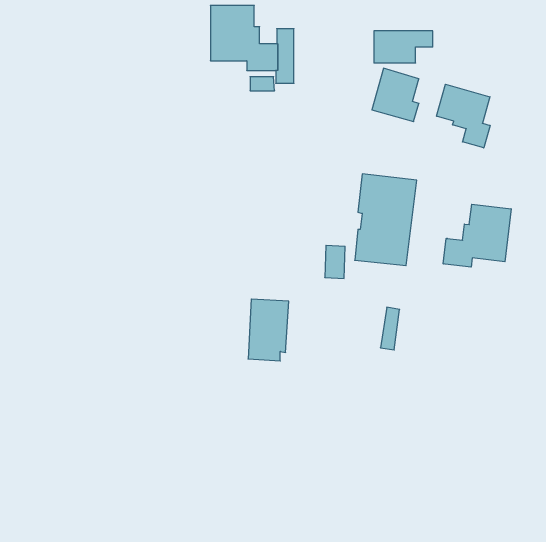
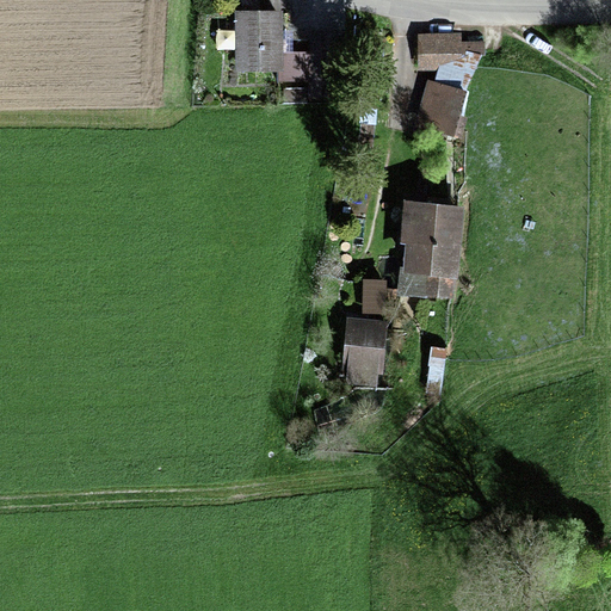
building: [437,84,490,148] -> none
building: [443,204,511,267] -> none
building: [248,299,289,361] -> [341,319,387,388]

